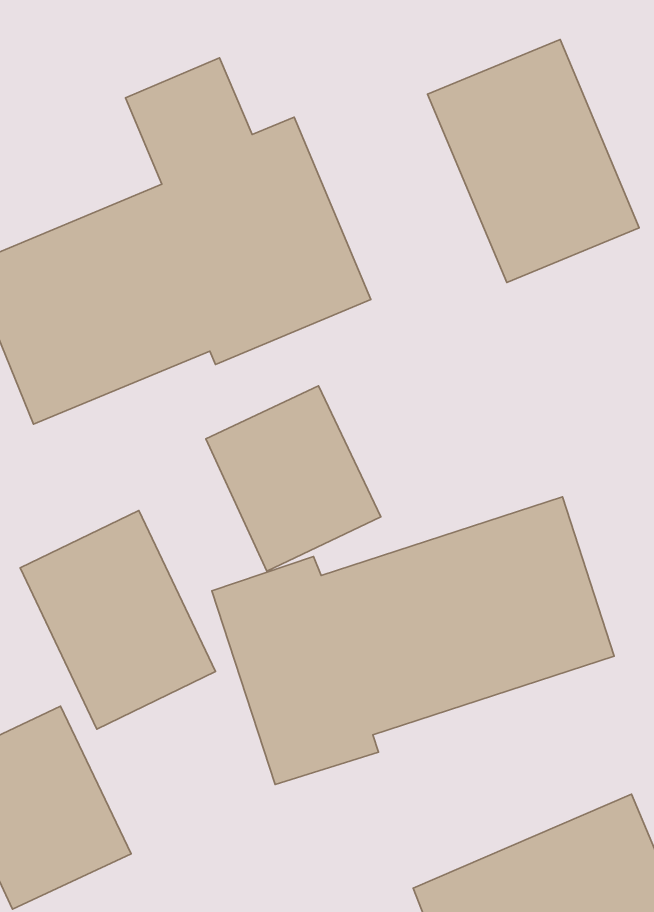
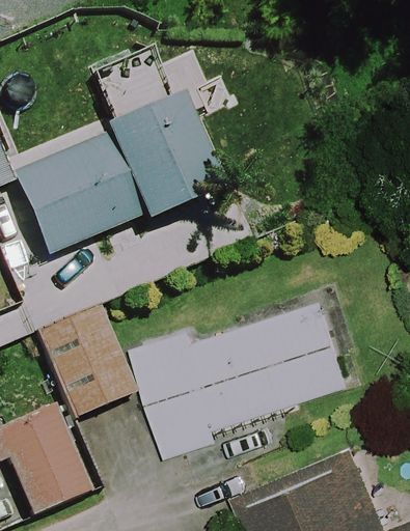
building: [428,39,639,282] -> none
building: [206,386,381,571] -> none

